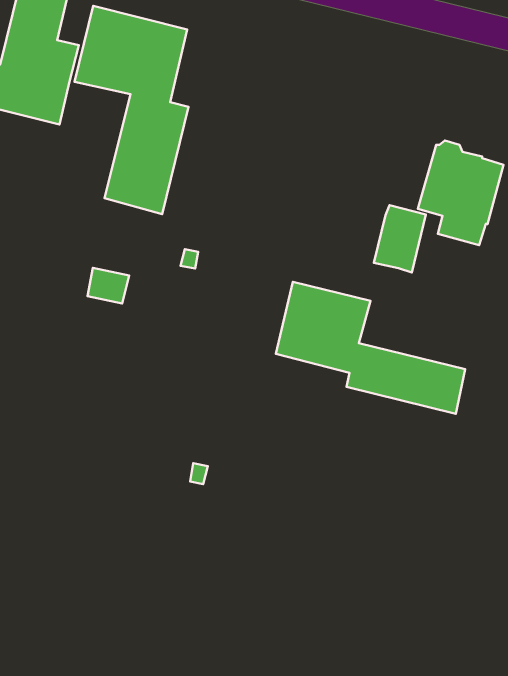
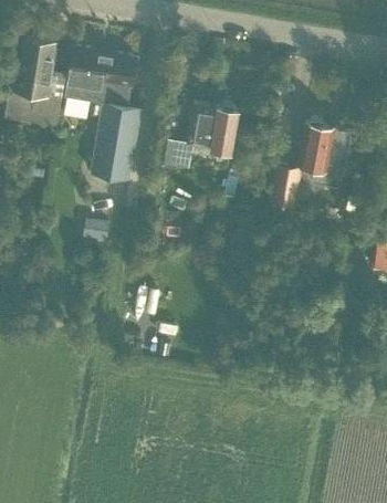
building: none -> [153,104,238,181]
building: [276,282,465,414] -> none

